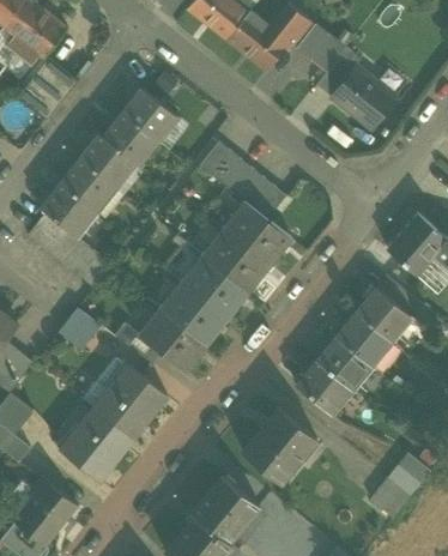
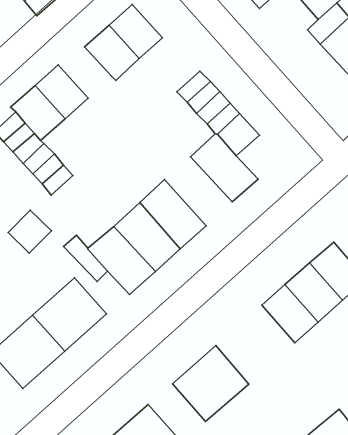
building: [79,134,133,187] -> none
building: [201,228,271,292] -> none
building: [296,361,355,416] -> none

